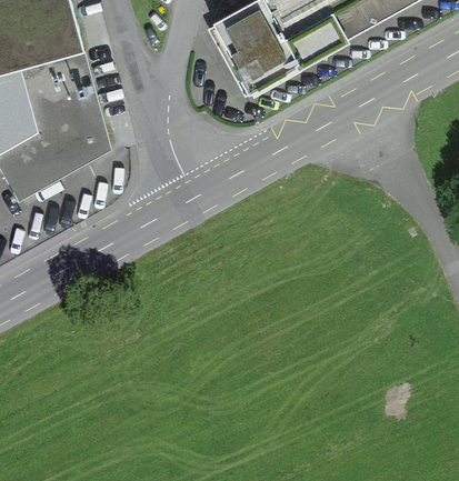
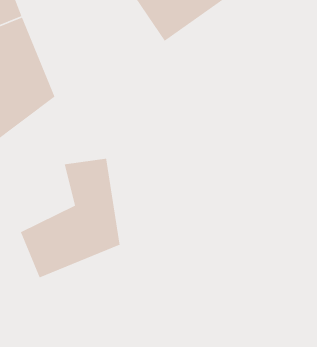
building: none -> [20,158,121,279]

